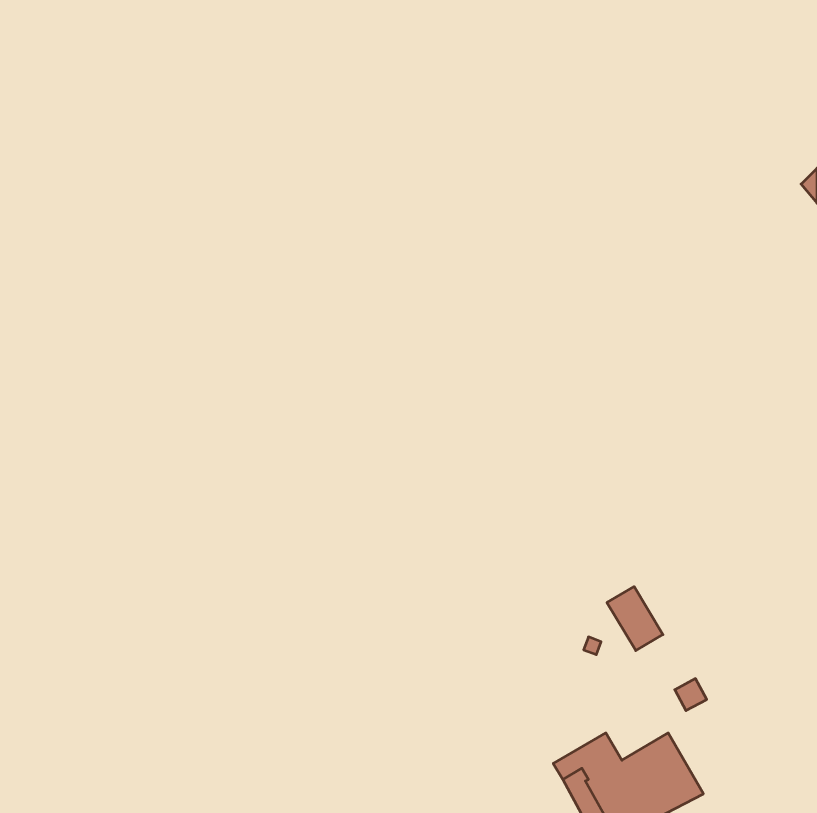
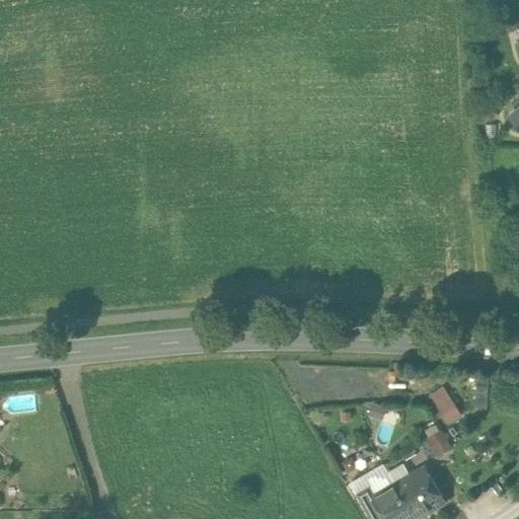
building: [607,587,663,651] -> [428,385,463,426]

